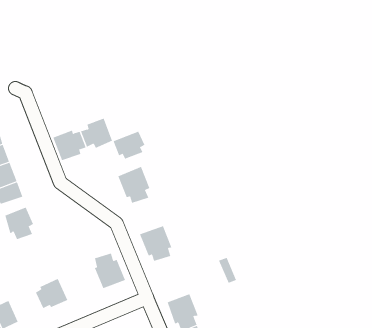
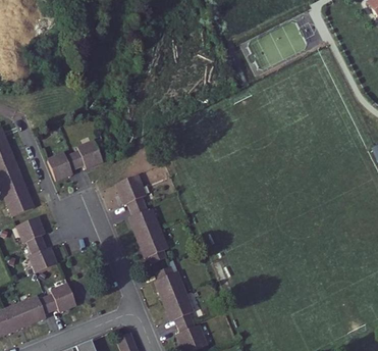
building: [113,131,145,159] -> none
building: none -> [130,208,161,242]
building: none -> [23,242,52,271]
building: [94,253,126,289] -> [156,271,185,305]
building: none -> [17,296,49,323]

